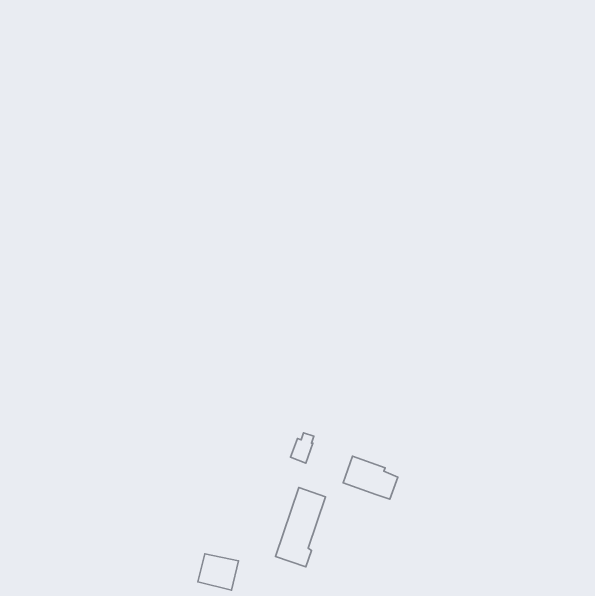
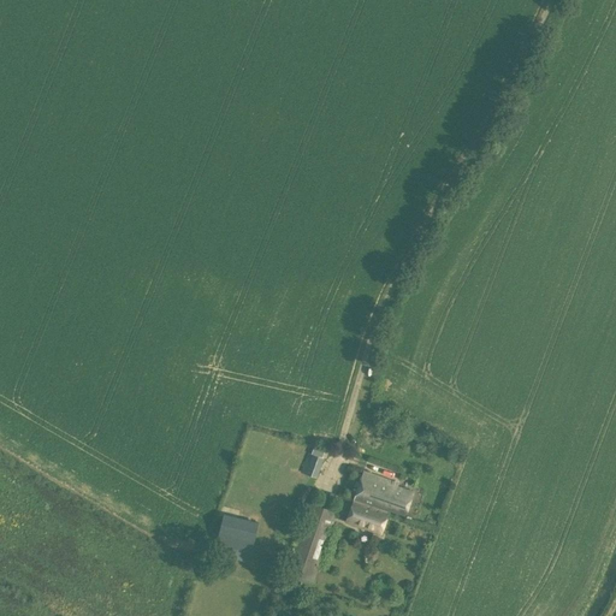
building: none -> [345,498,387,533]
building: [198,554,239,590] -> [215,515,257,552]

